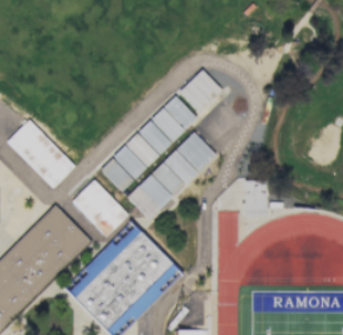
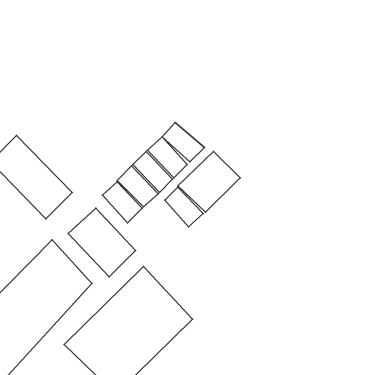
building: [178,67,221,112] -> none
building: [163,94,196,127] -> none
building: [126,172,173,218] -> none

